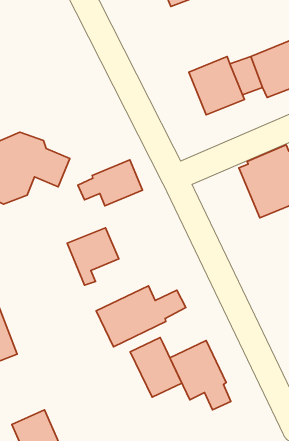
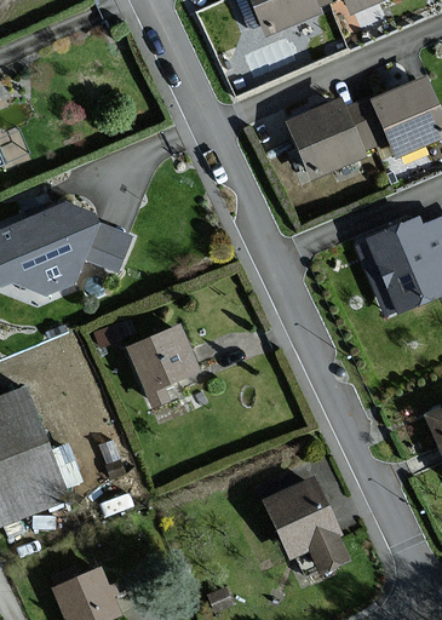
building: [78,160,142,206] -> none
building: [96,286,186,347] -> none
building: [130,337,182,397] -> none

